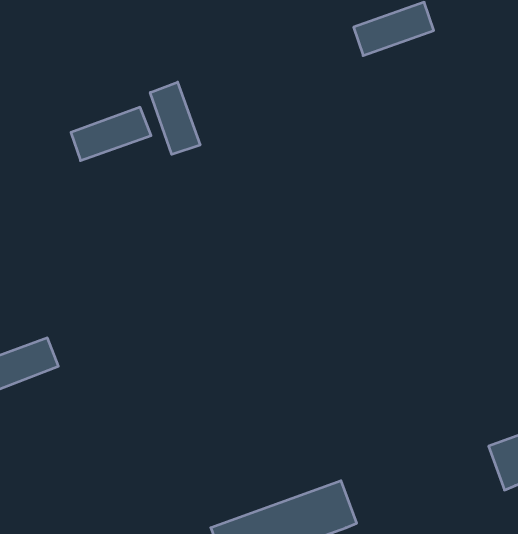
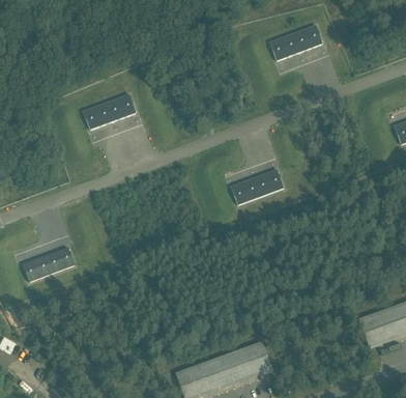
building: [150,82,200,154] -> none
building: none -> [230,168,283,203]

